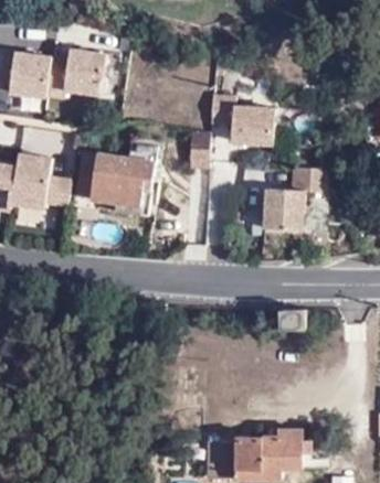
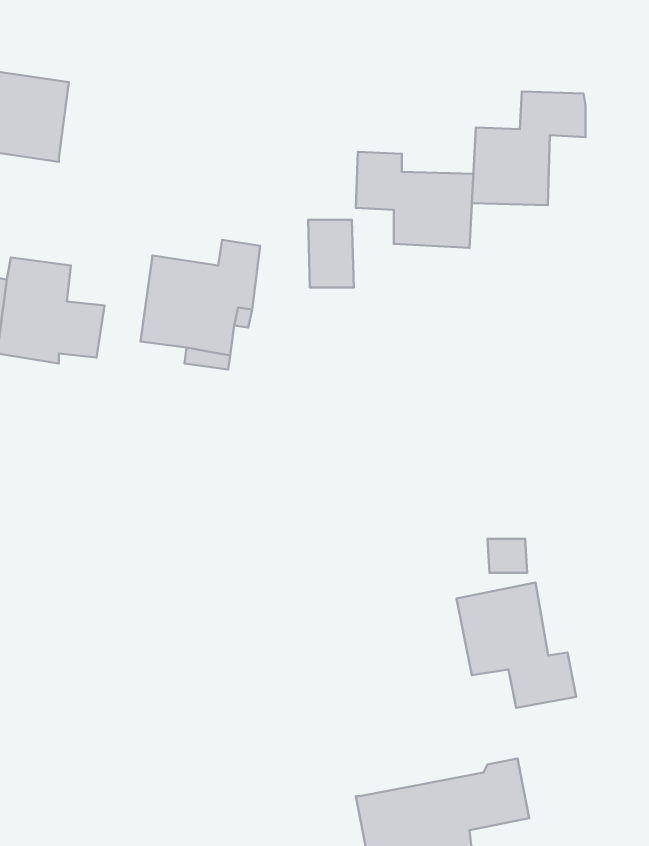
building: [45,47,106,100] -> none
building: [263,168,326,230] -> [472,91,586,205]
building: none -> [456,582,576,708]

